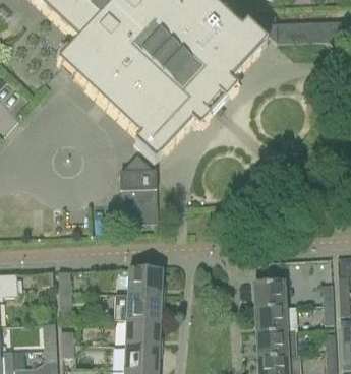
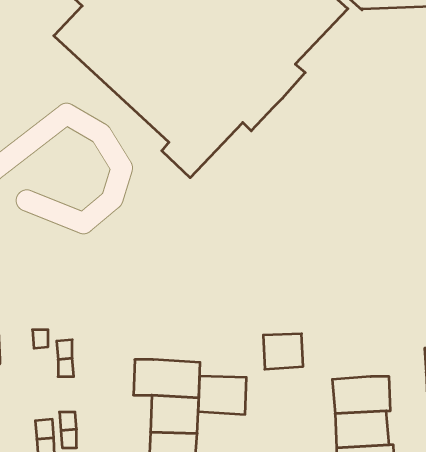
building: [120,153,158,221] -> none
building: [129,265,164,293] -> [198,376,246,414]
building: [256,279,285,305] -> [263,334,303,369]

